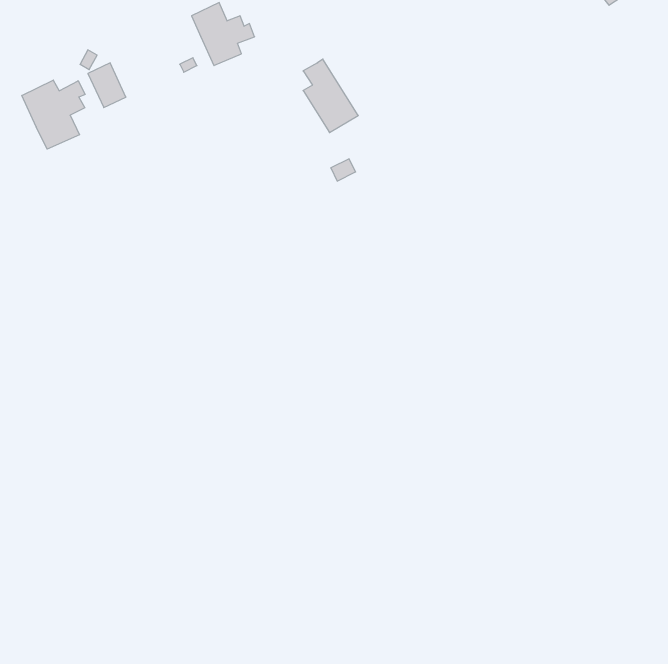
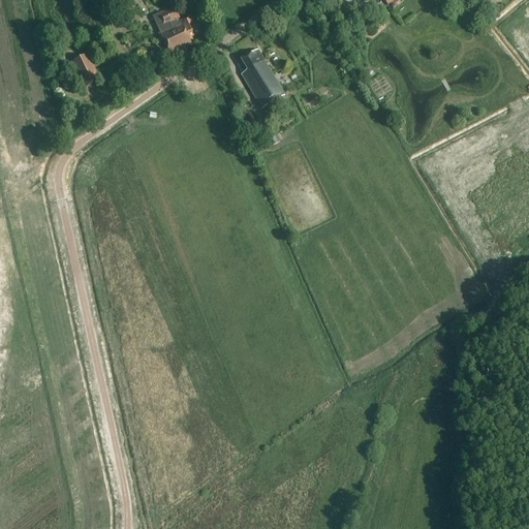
building: [22,80,85,149] -> none

